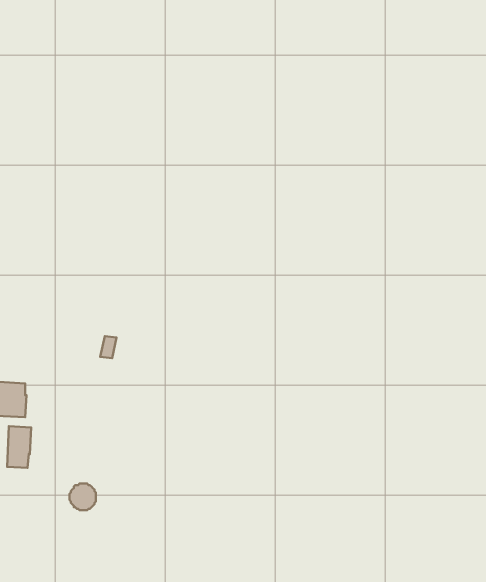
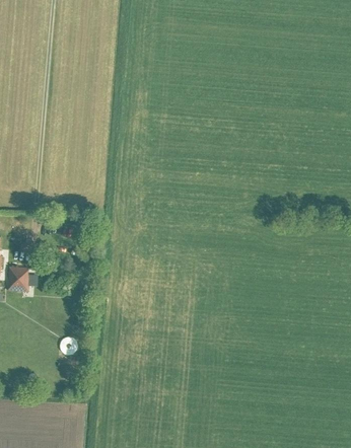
building: [7,426,31,468] -> none

